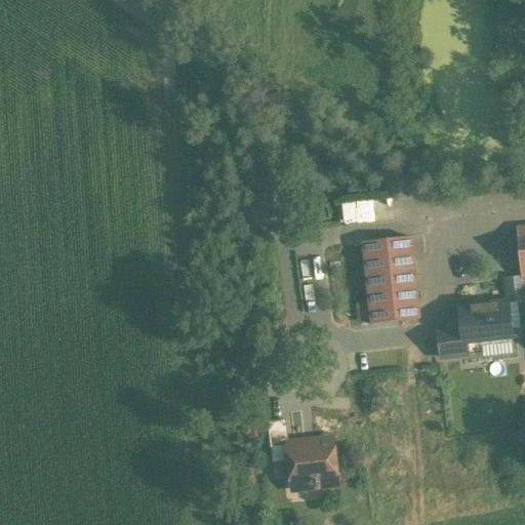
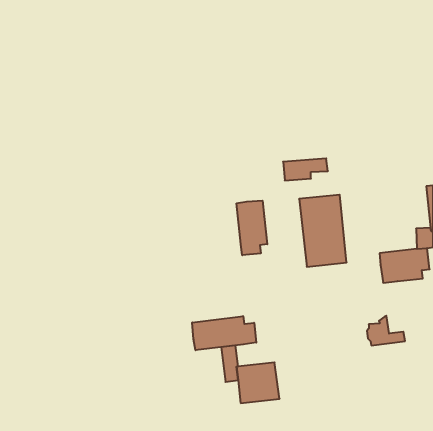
building: none -> [237,201,267,255]
building: [437,321,483,357] -> [367,316,405,345]
building: none -> [192,316,256,350]

